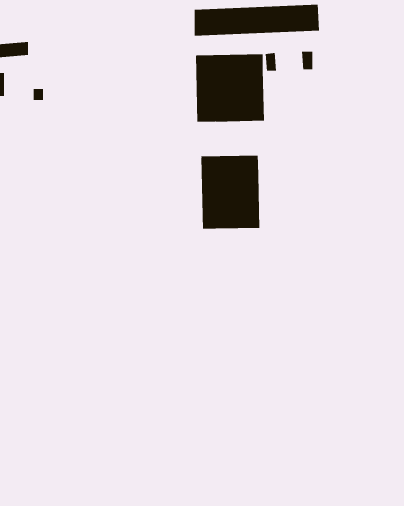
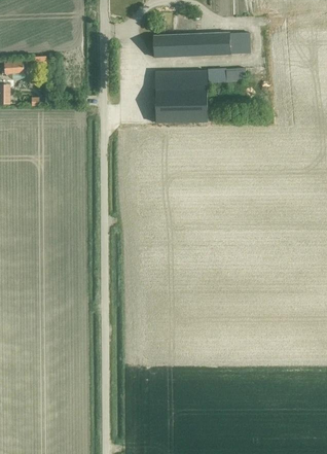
building: [201,155,260,230] -> none

